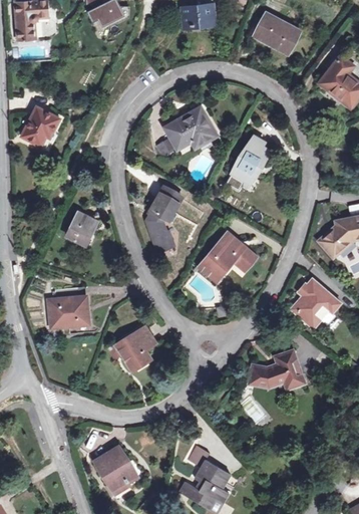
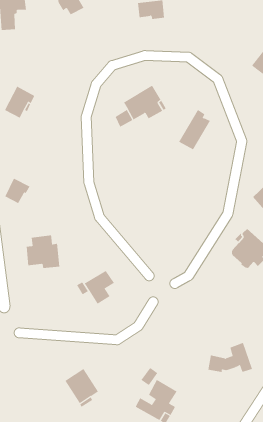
building: [254,14,300,54] -> none
building: [147,186,182,251] -> none
building: [66,213,97,244] -> [4,178,30,204]
building: [199,234,256,281] -> none
building: [249,349,303,386] -> [208,342,253,372]

